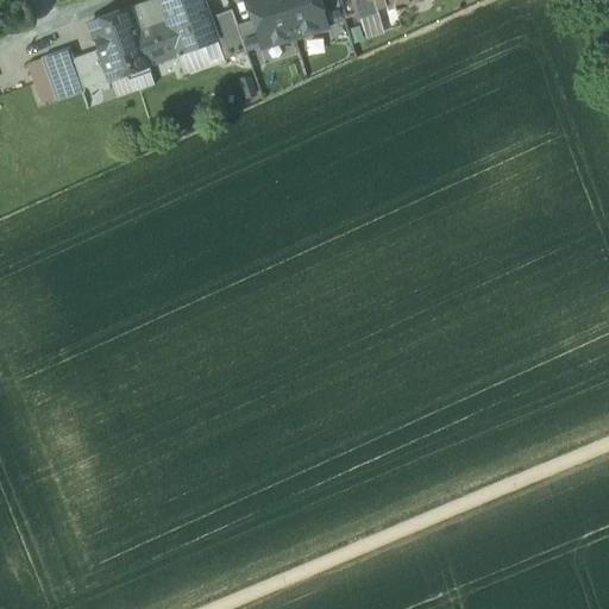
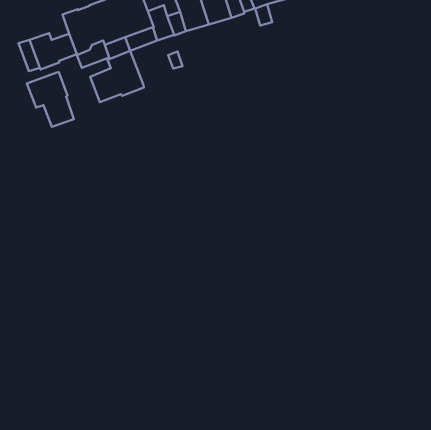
building: none -> [90,51,144,102]
building: none -> [27,72,74,127]

